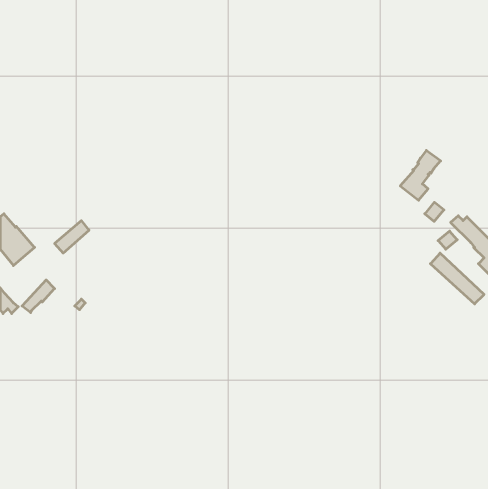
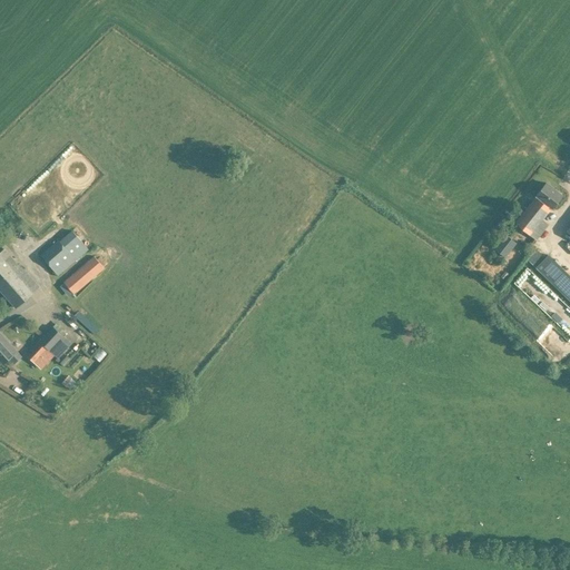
building: [400,150,441,200] -> [518,184,564,242]
building: none -> [43,232,88,275]

